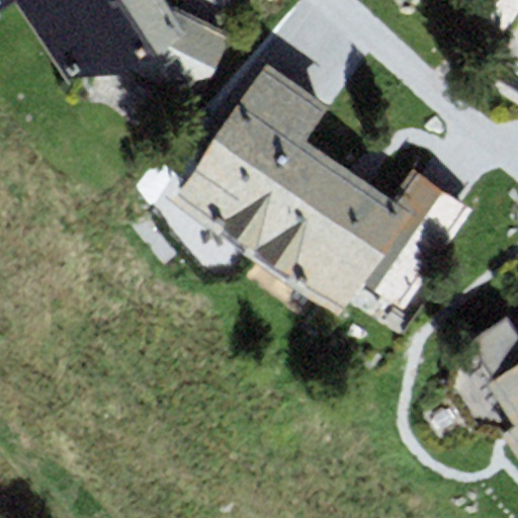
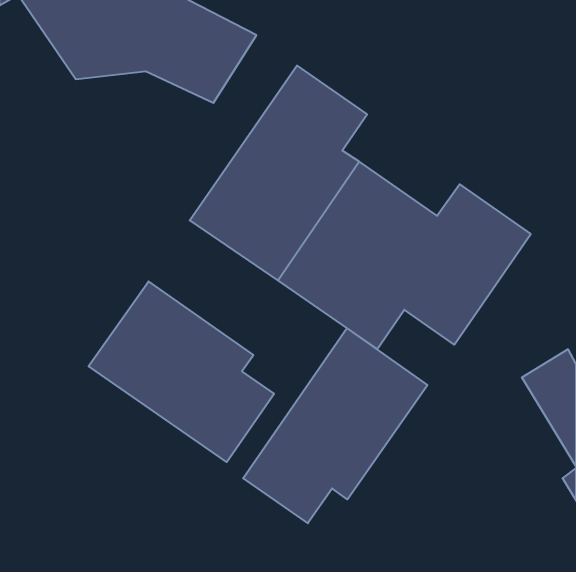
building: none -> [89,281,274,462]
building: none -> [243,328,427,523]

